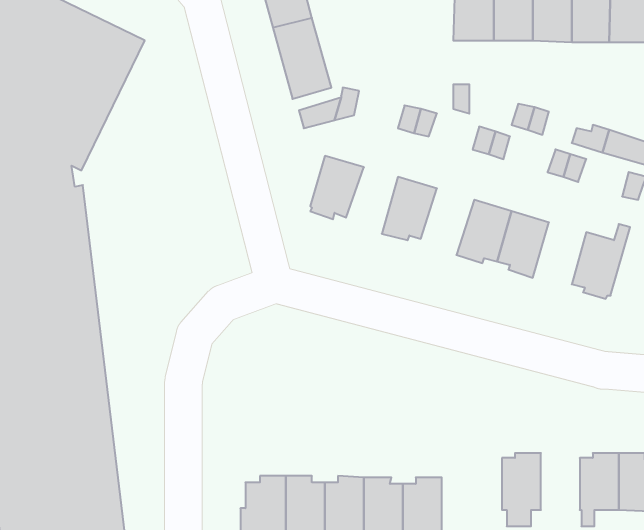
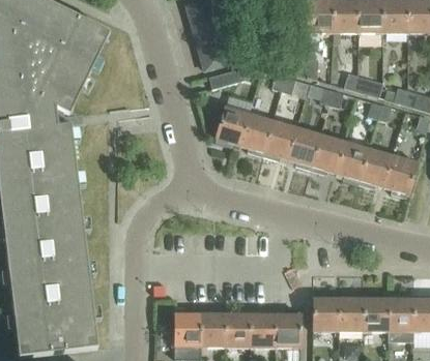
building: none -> [239,113,273,155]
building: none -> [287,126,321,169]
building: none -> [359,148,393,187]
building: none -> [313,295,339,331]
building: none -> [364,295,389,331]

